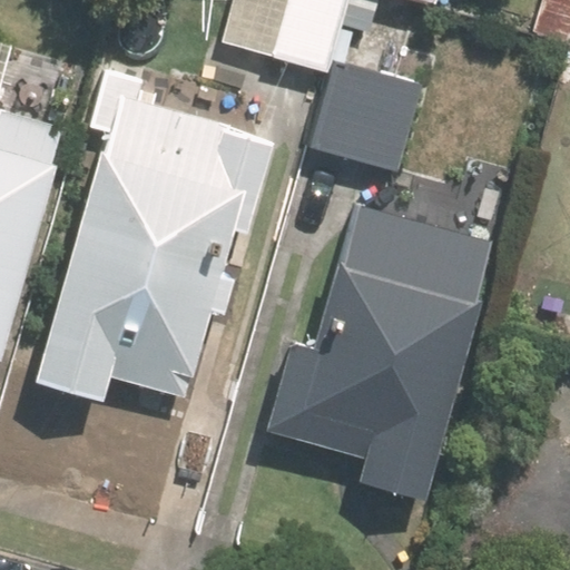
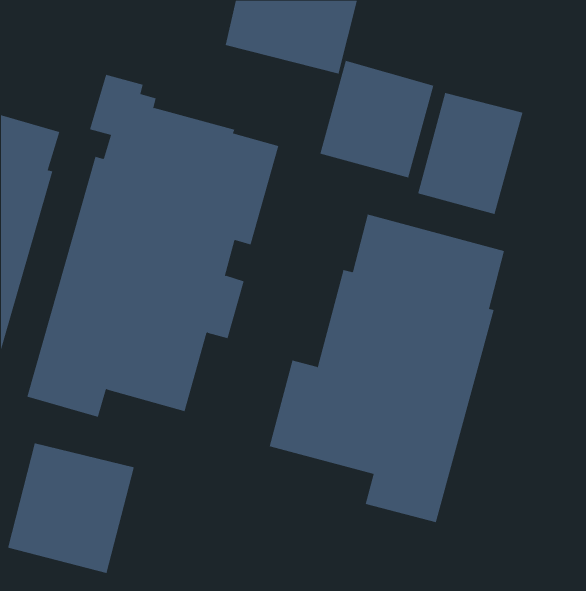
building: none -> [417,92,523,215]
building: none -> [7,443,135,574]

